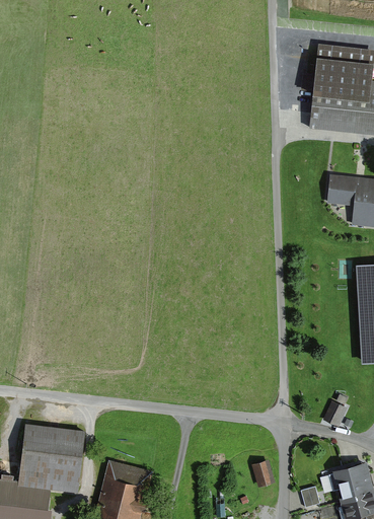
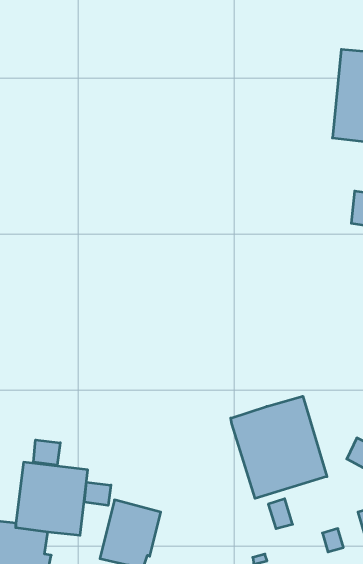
building: none -> [231,396,327,498]
building: none -> [34,440,60,465]
building: none -> [84,482,111,505]

